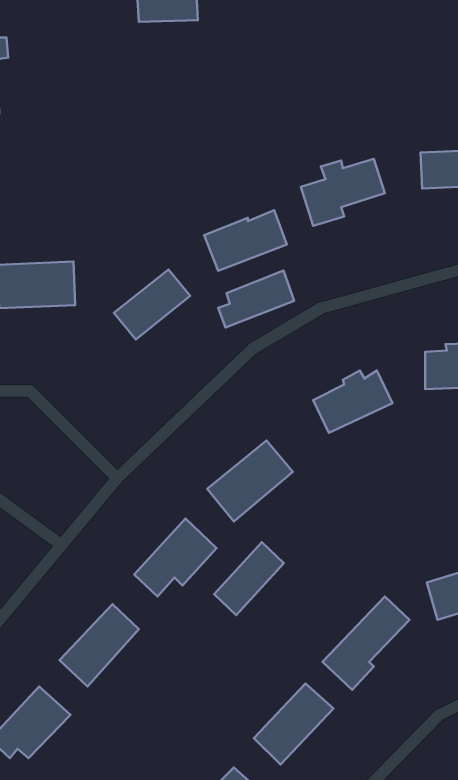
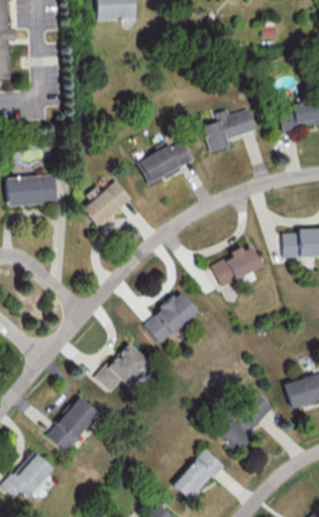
building: [218,271,294,327] -> none
building: [214,542,284,615] -> none

